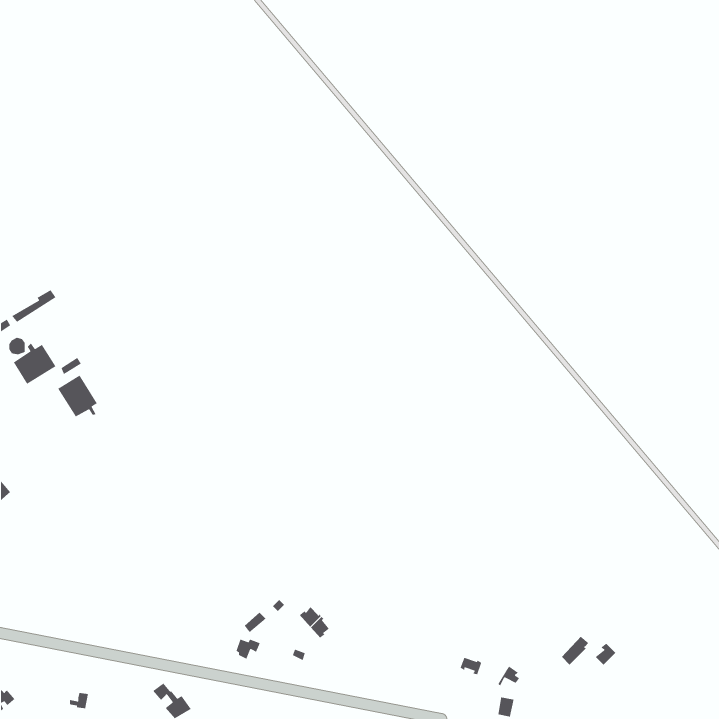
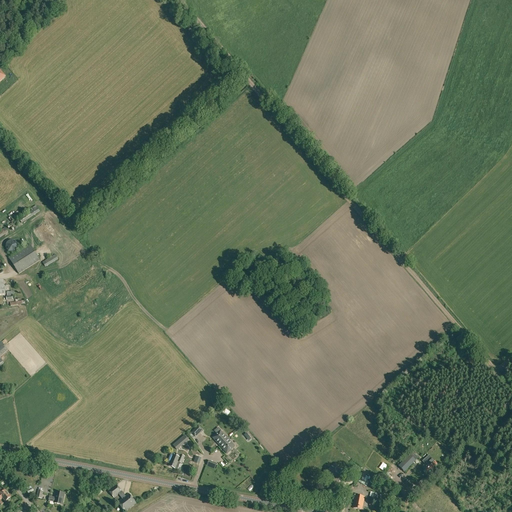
building: [57,374,98,418] -> none

